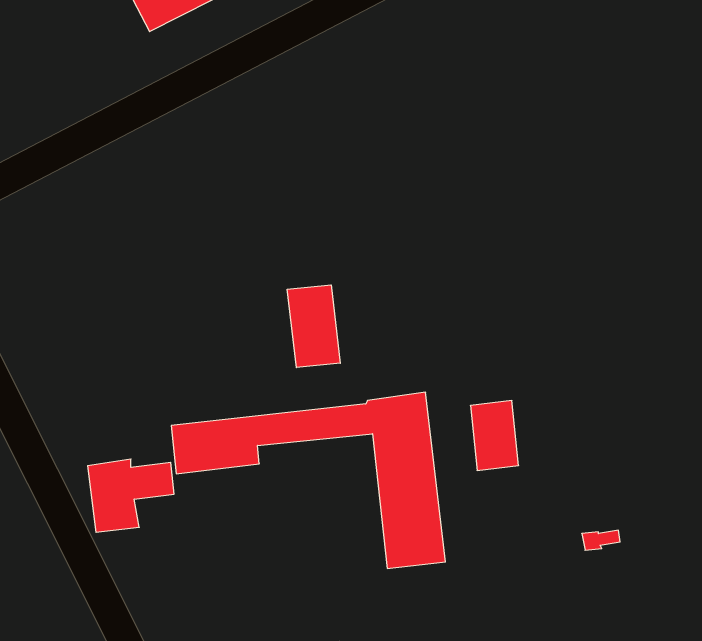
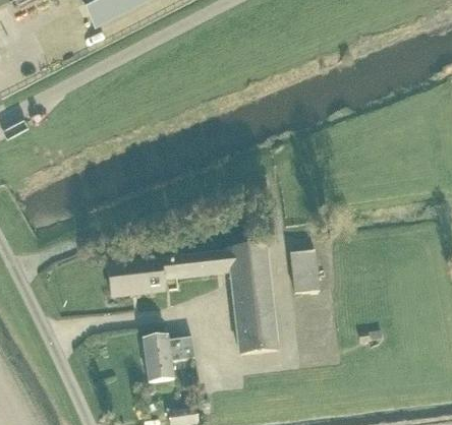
building: [287,285,340,368] -> none
building: [88,459,174,532] -> [140,337,193,381]

